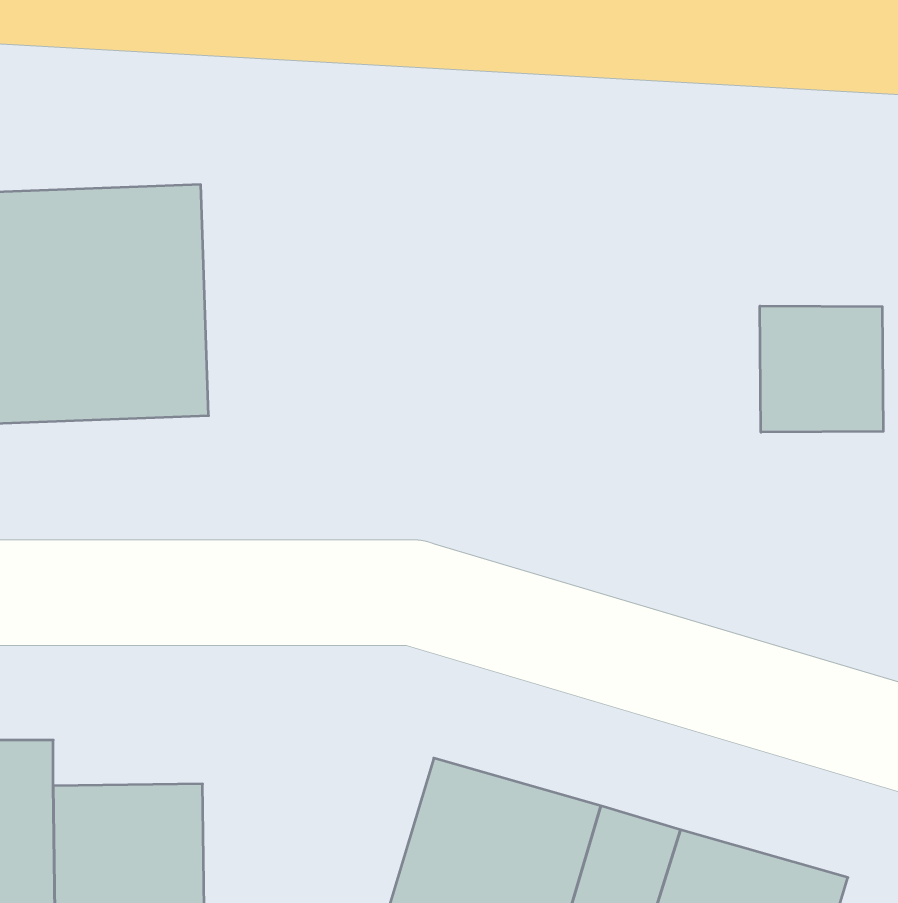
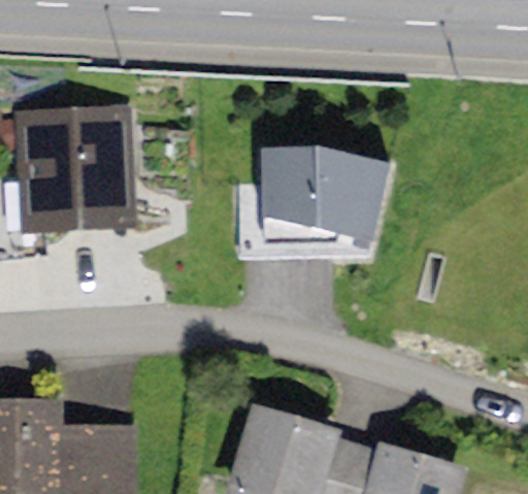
building: none -> [239,152,392,246]
building: [760,306,883,432] -> none

